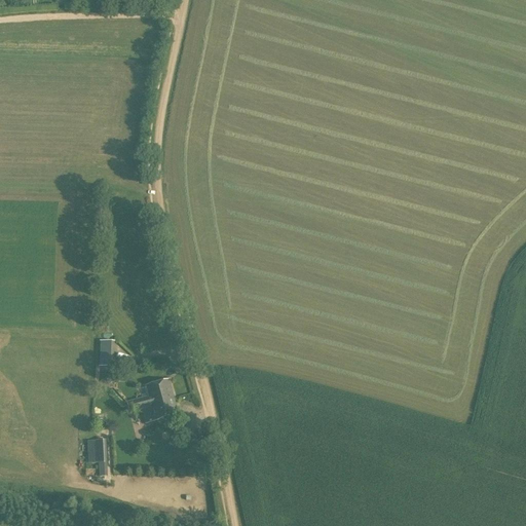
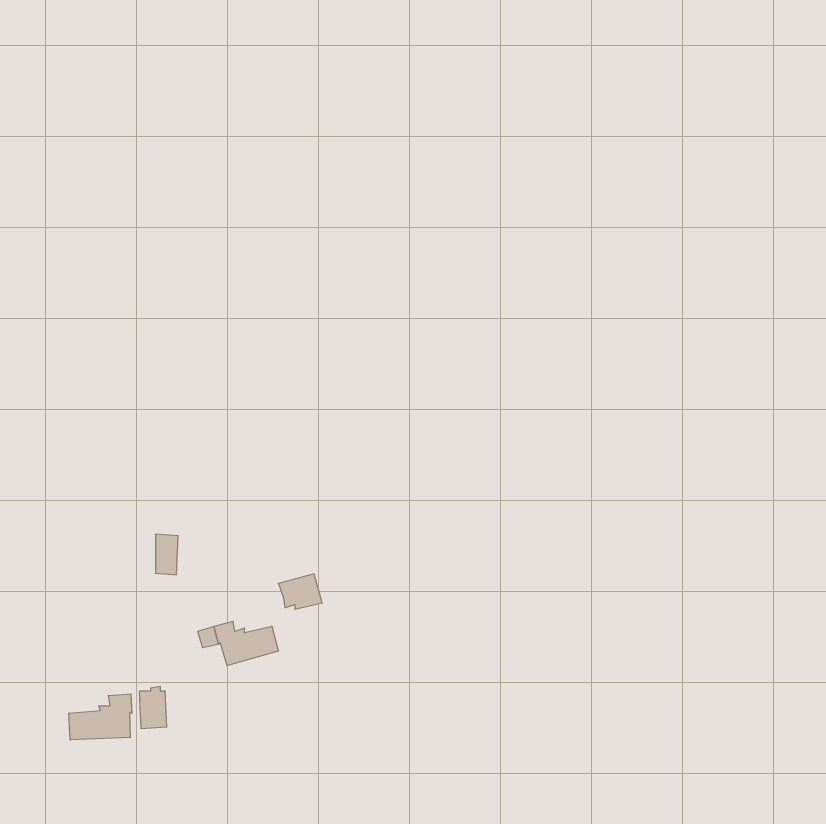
building: [145,379,173,402] -> [278,574,322,609]
building: none -> [69,694,132,740]

